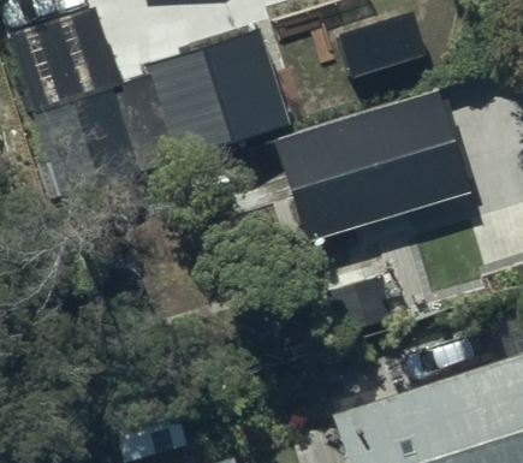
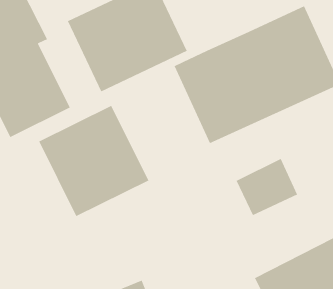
building: none -> [38,105,149,217]

